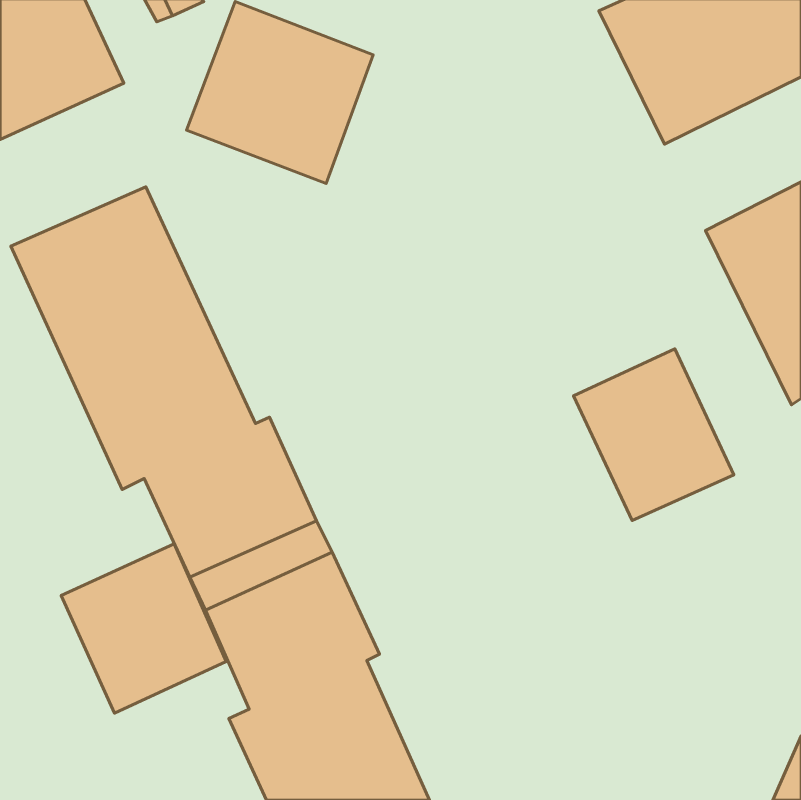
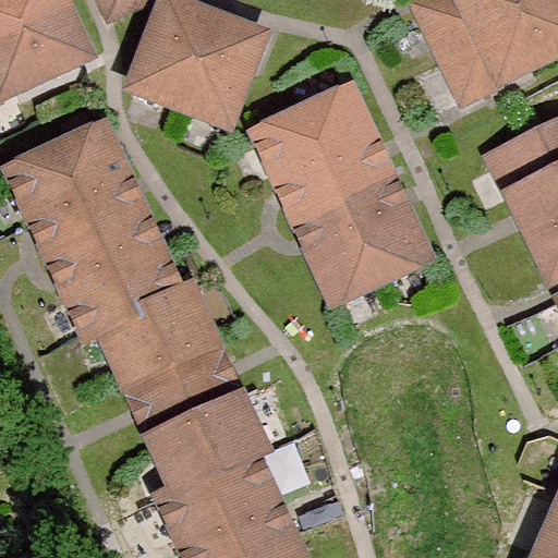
building: none -> [254,93,426,304]
building: [573,349,734,521] -> none
building: [61,544,226,713] -> none

